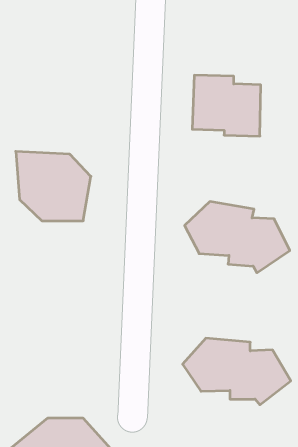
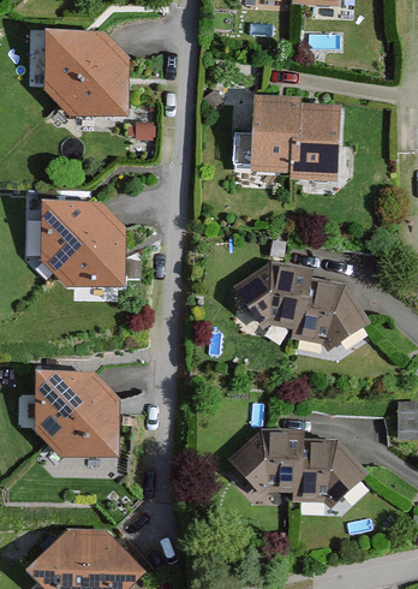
building: none -> [36,29,130,115]
building: none -> [26,369,119,456]

